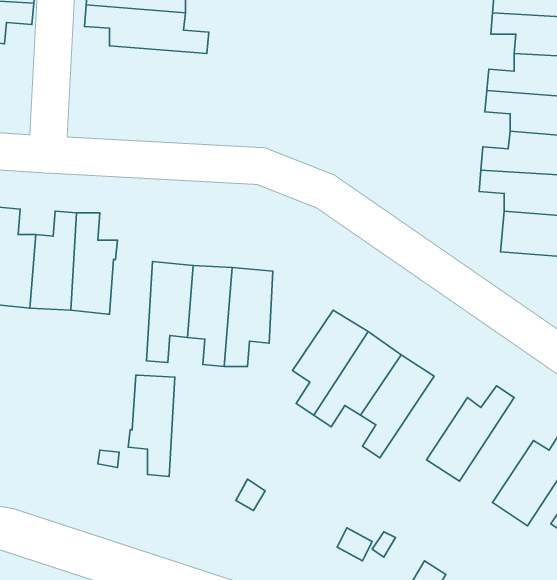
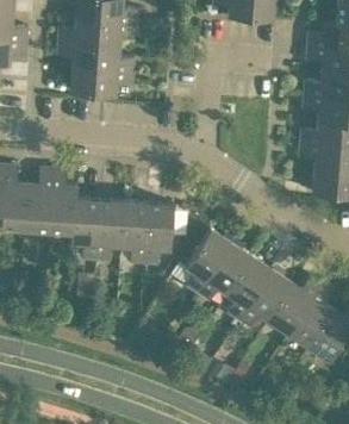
building: none -> [71,67,133,95]
building: [128,375,175,476] -> [71,198,100,260]
building: none -> [239,269,293,326]
building: none -> [288,282,334,347]

